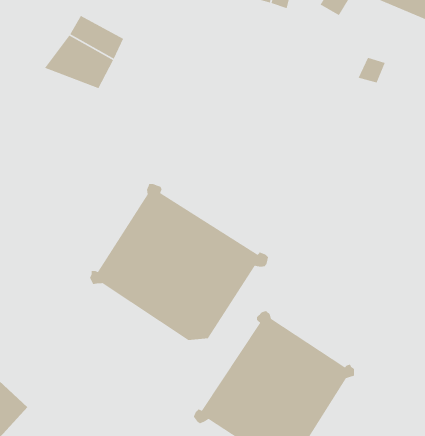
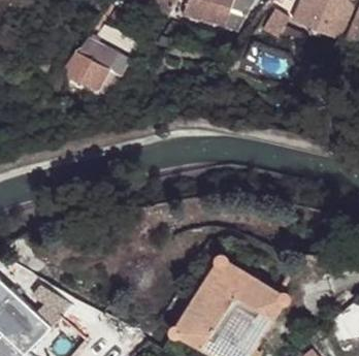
building: [89,183,269,341] -> none

